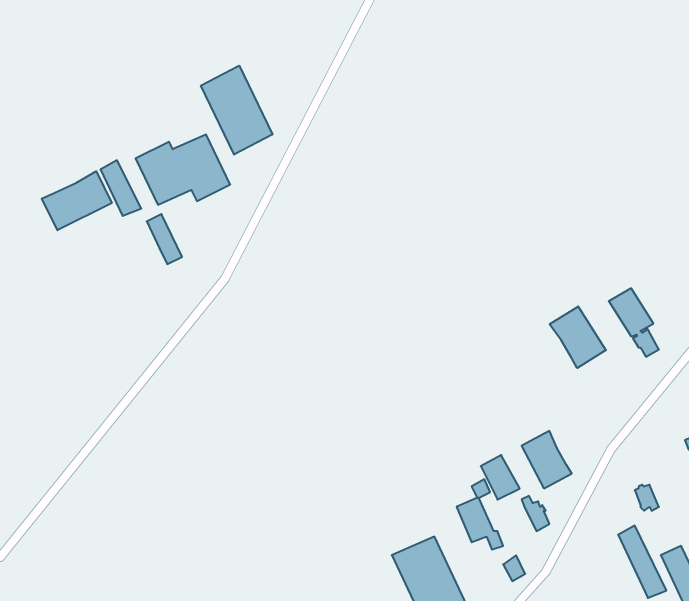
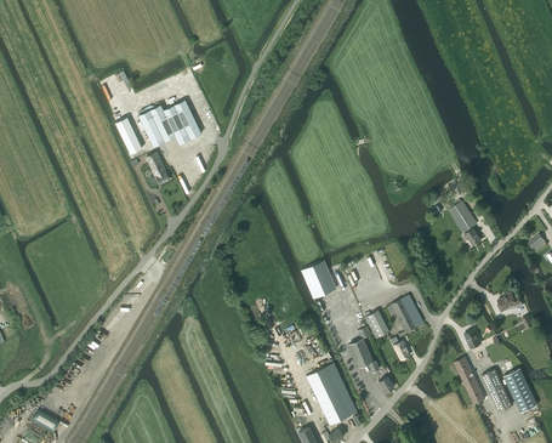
building: [201,66,272,155] -> none
building: [42,171,112,230] -> none
building: [550,306,606,368] -> none
building: none -> [301,260,336,299]

